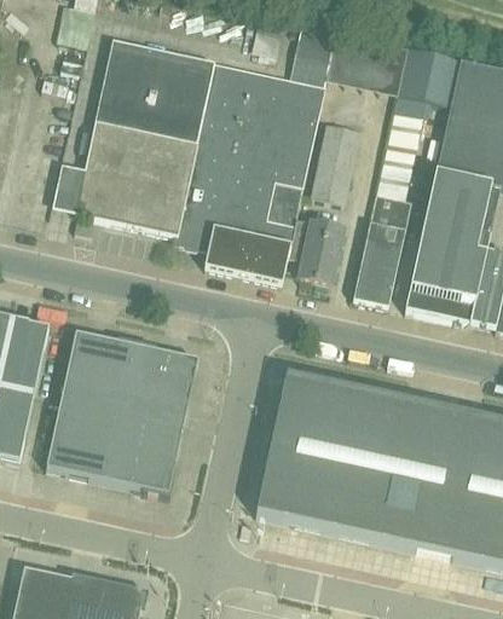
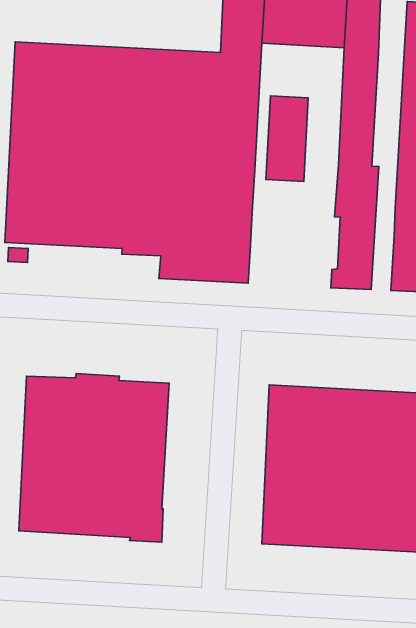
building: [287,216,342,283] -> none

